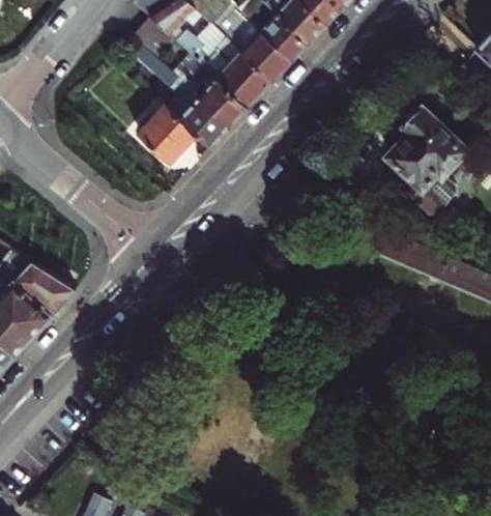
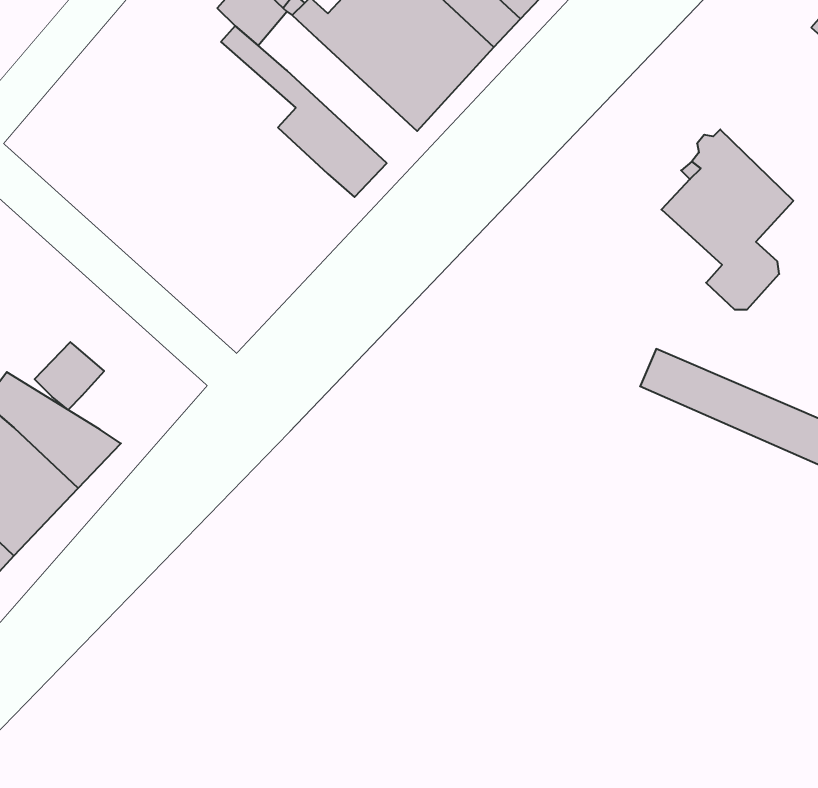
building: [173,54,249,126] -> none
building: [139,104,197,163] -> none
building: none -> [35,342,104,410]

